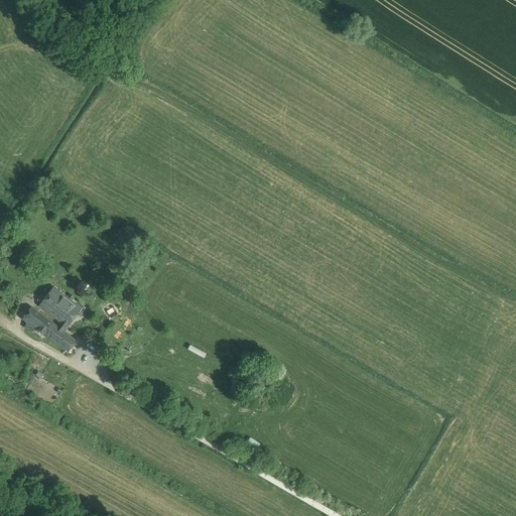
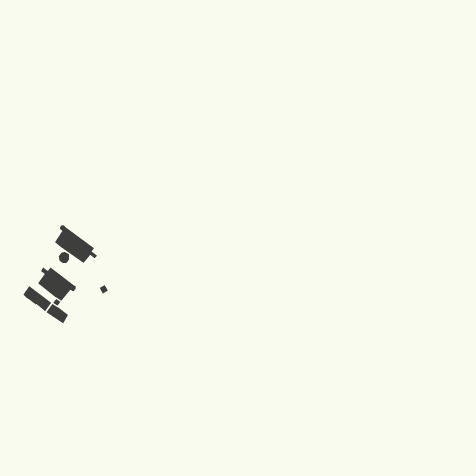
building: none -> [54,225,98,264]

